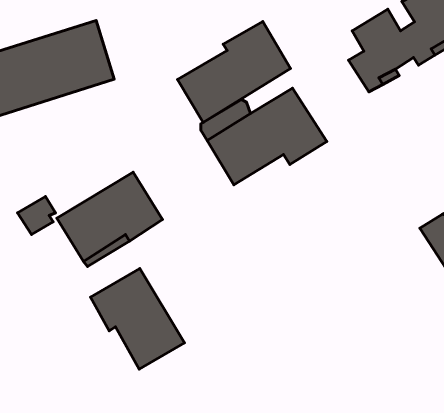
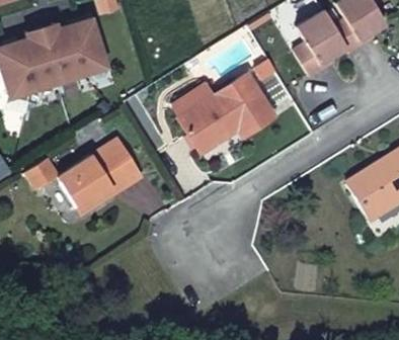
building: [178,22,291,122] -> none
building: [91,269,184,369] -> none

